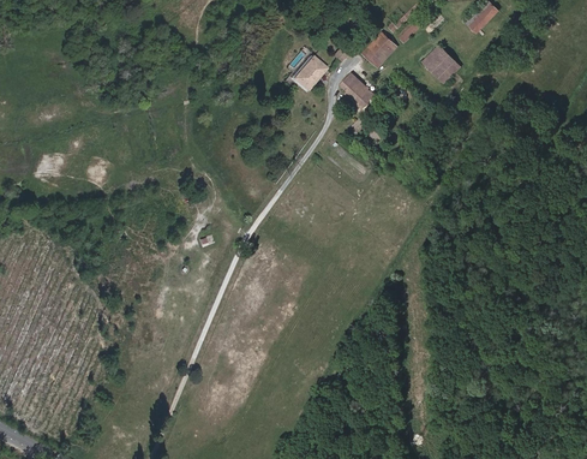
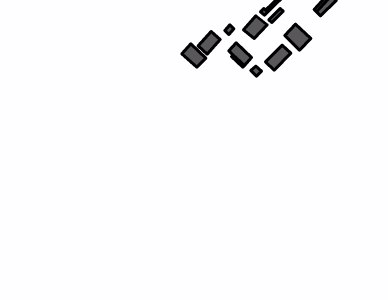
building: none -> [182,44,206,67]
building: none -> [266,45,291,70]

